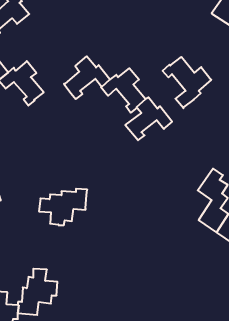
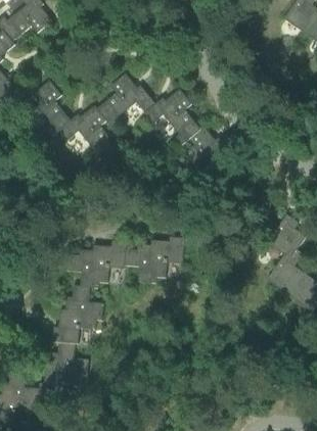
building: [163,57,211,108] -> none
building: none -> [58,105,116,160]
building: none -> [124,237,184,283]
building: none -> [51,285,102,343]

